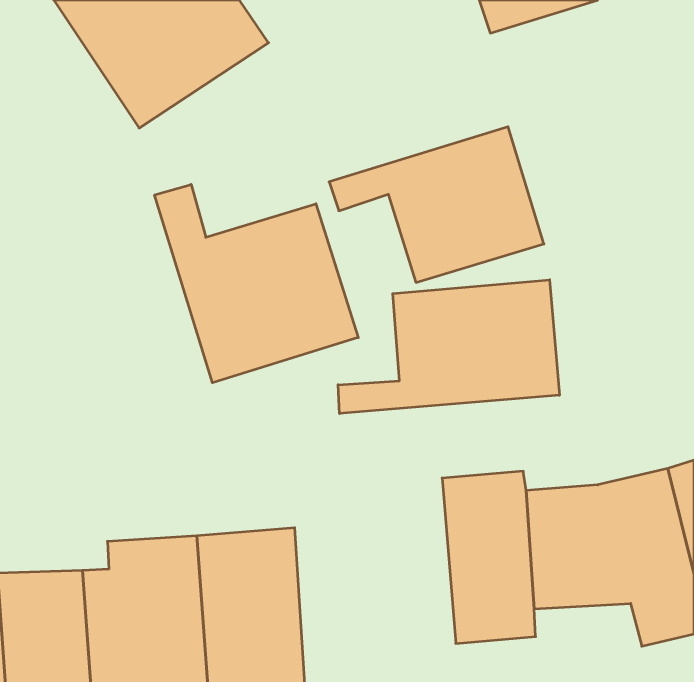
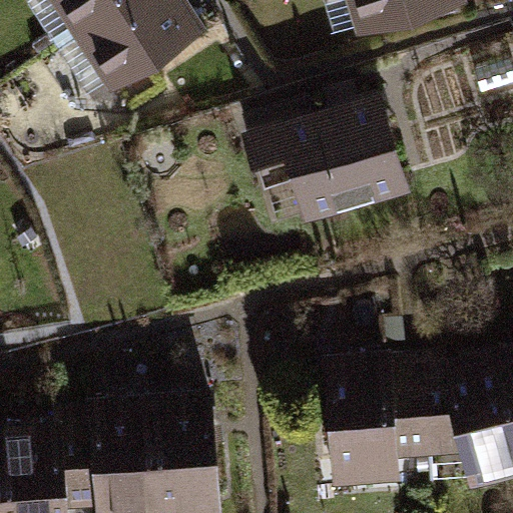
building: [155,184,358,383] -> none
building: [338,280,559,414] -> none

